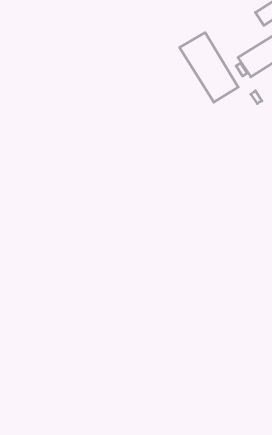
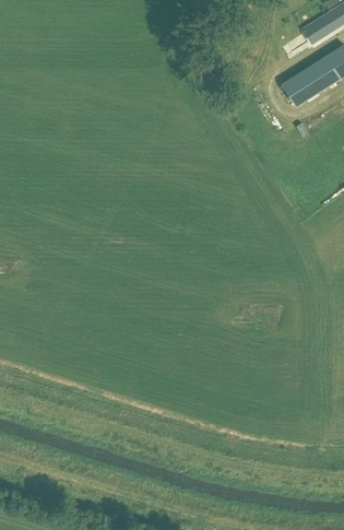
building: [180,33,238,102] -> none

